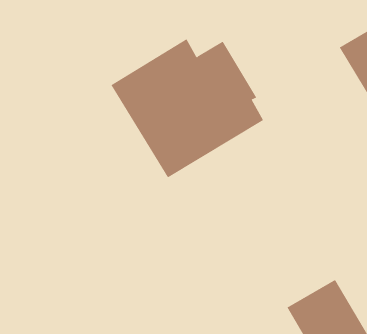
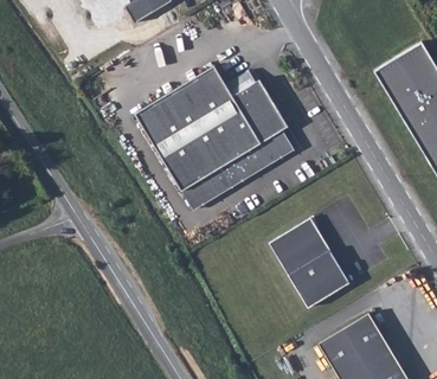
building: none -> [269,220,349,309]

